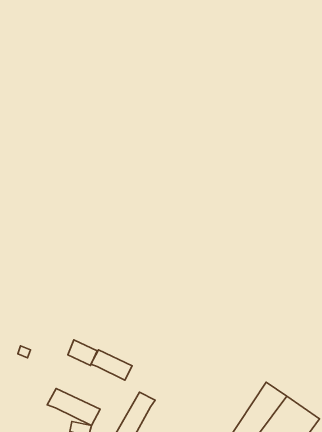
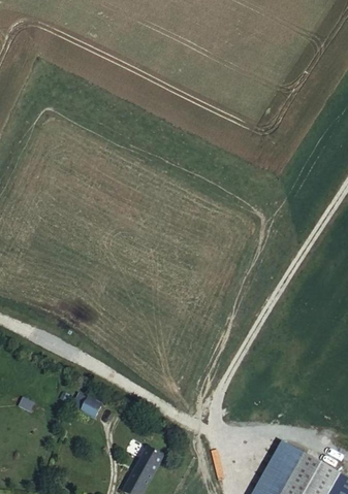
building: [91,350,132,380] -> none
building: [47,388,100,426] -> none

